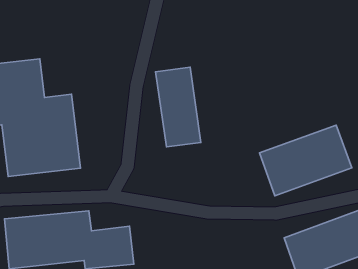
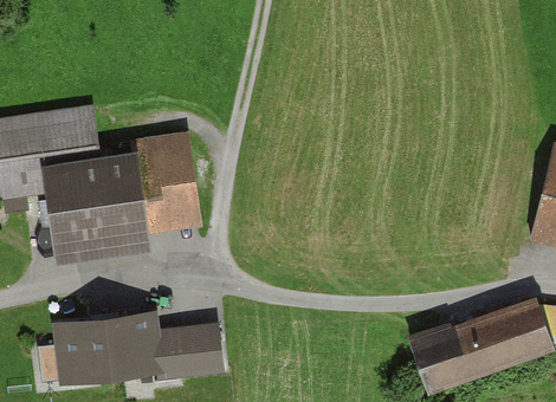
building: [156,67,201,147] -> [143,134,202,238]
building: [260,125,352,196] -> none

